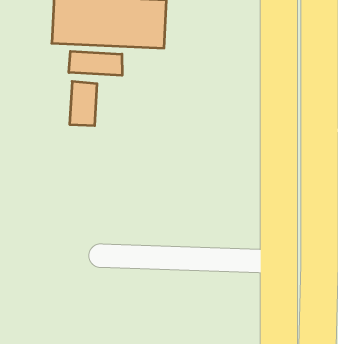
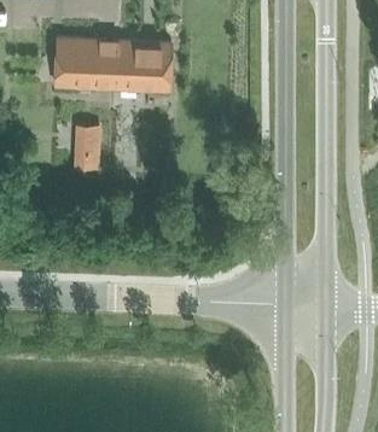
building: [69,51,122,75] -> none

